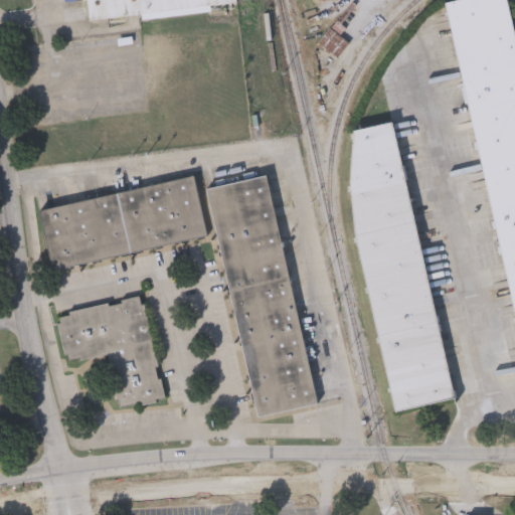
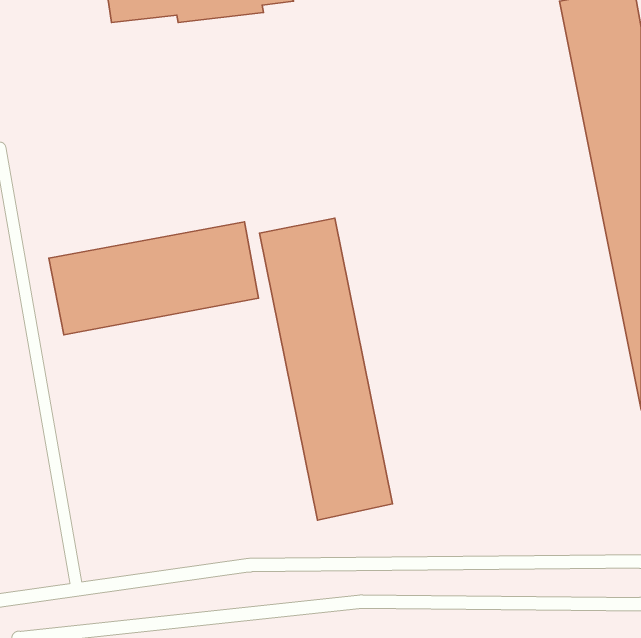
building: [341,122,448,409] -> none
building: [56,299,162,407] -> none

